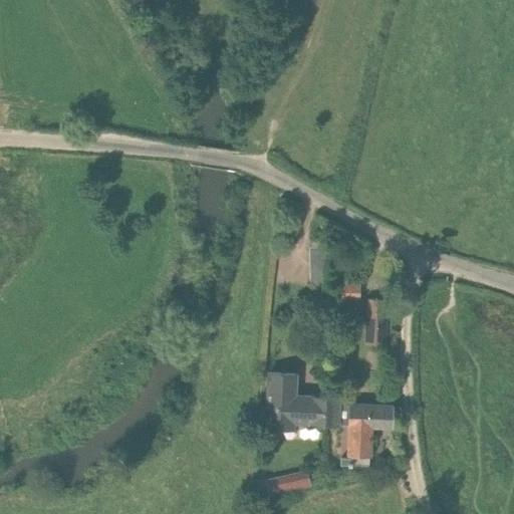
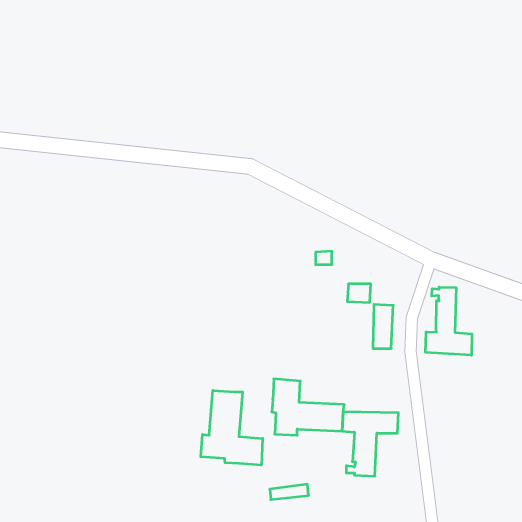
building: none -> [426,287,472,355]
building: none -> [201,390,263,465]

